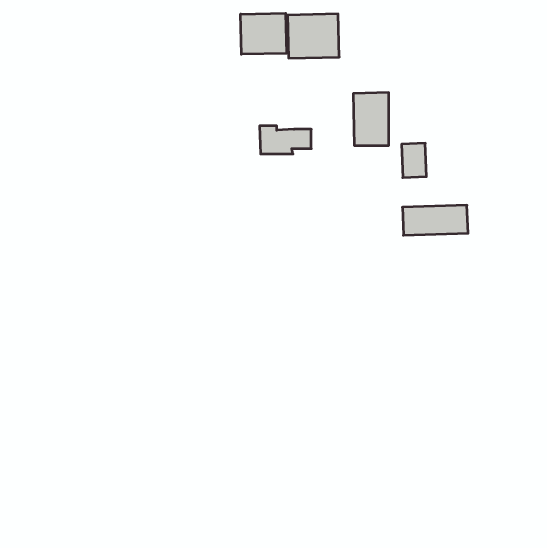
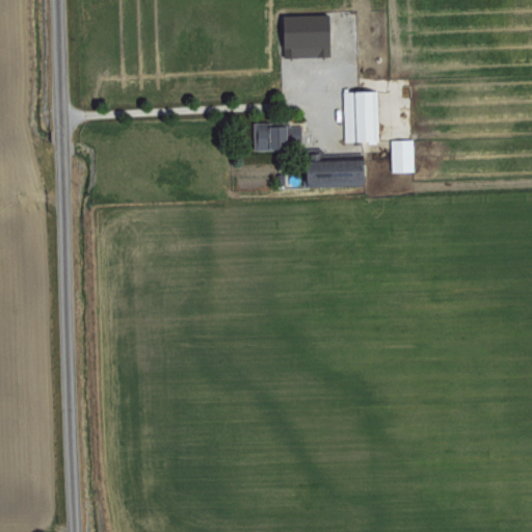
building: [241,13,286,54] -> none
building: [402,205,468,235] -> [302,159,366,188]

